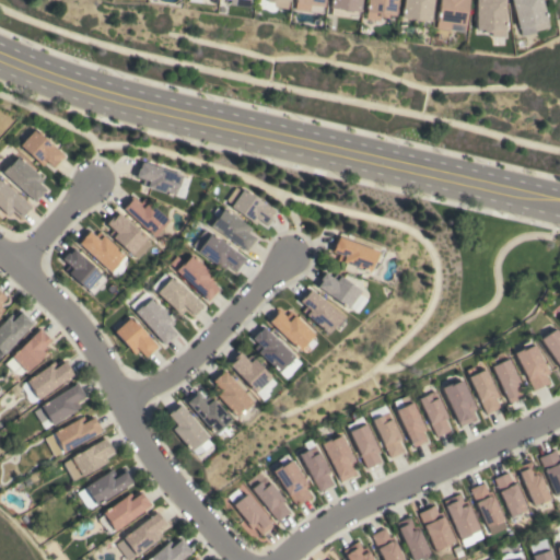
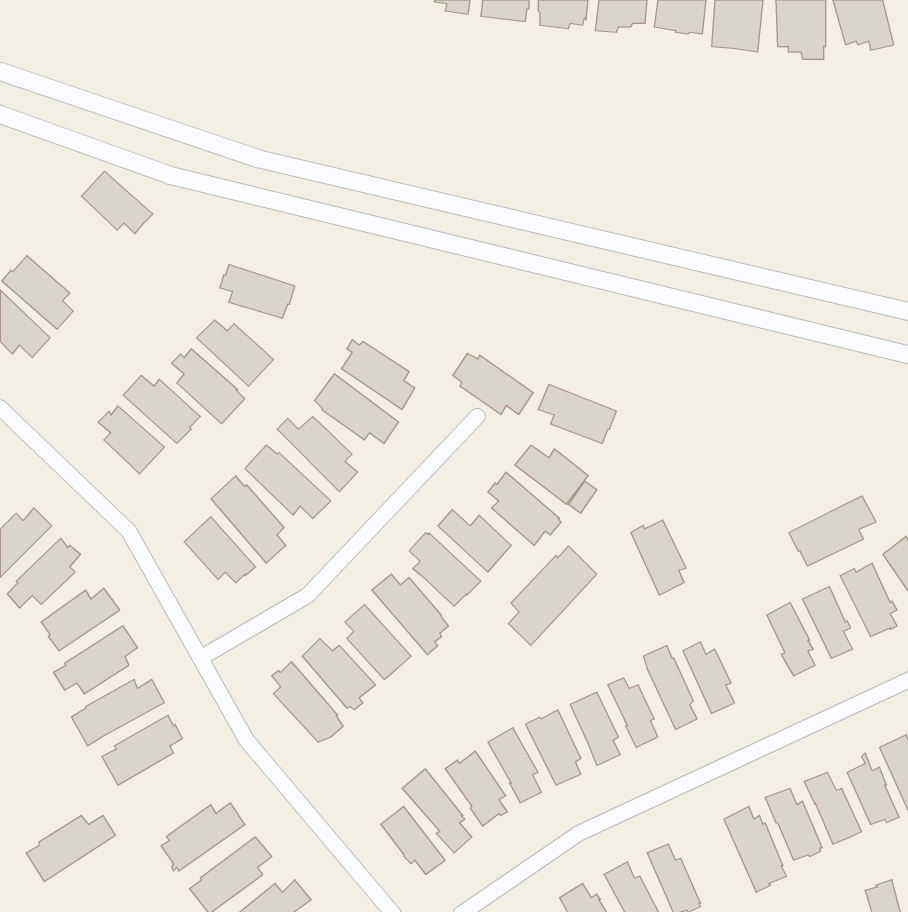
building: [23,130,67,168] -> [81,171,153,234]
building: [229,188,278,225] -> [453,354,533,414]
building: none -> [789,496,876,566]
building: none -> [508,546,597,645]
building: [445,381,479,427] -> [631,520,686,595]
building: [80,470,135,511] -> [26,815,116,882]
building: [421,505,457,551] -> none

